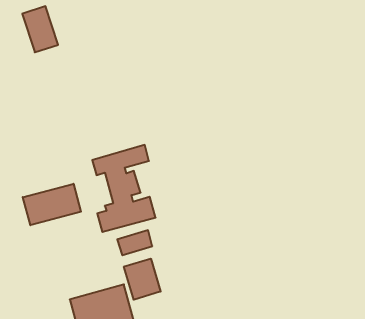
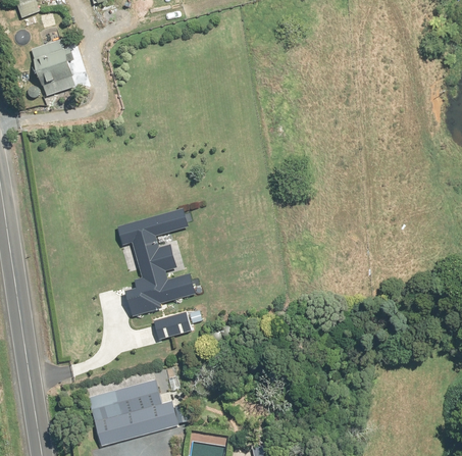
building: [23,184,81,225] -> none
building: [124,259,161,300] -> none

